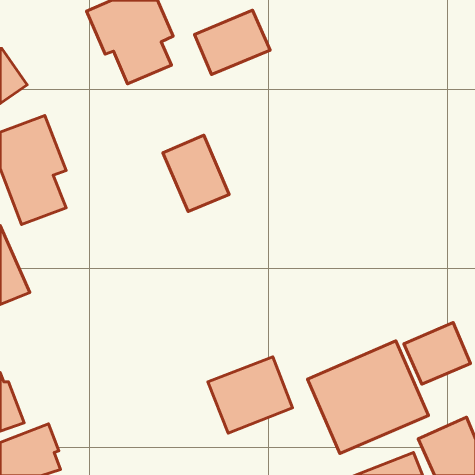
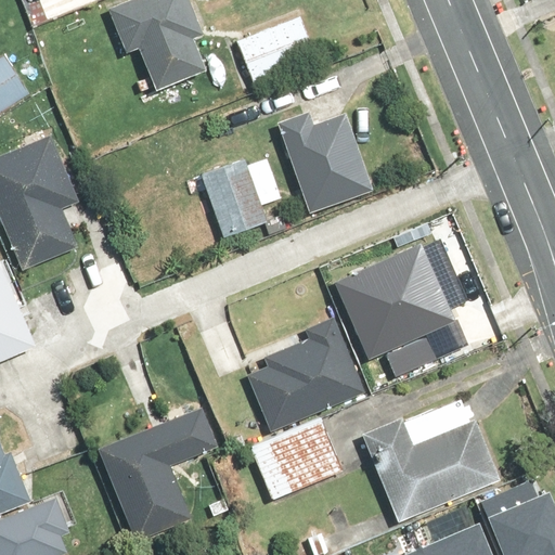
building: none -> [268,108,374,223]
building: none -> [343,243,455,372]
building: none -> [248,312,361,422]
building: [404,322,471,384] -> none
building: none -> [100,402,214,537]

